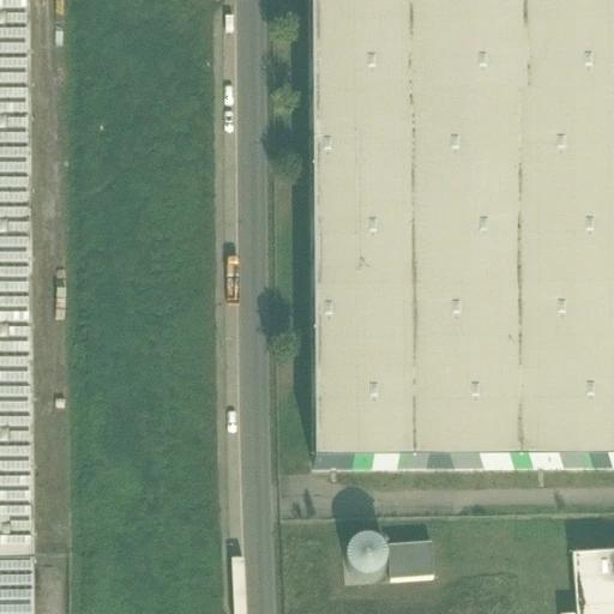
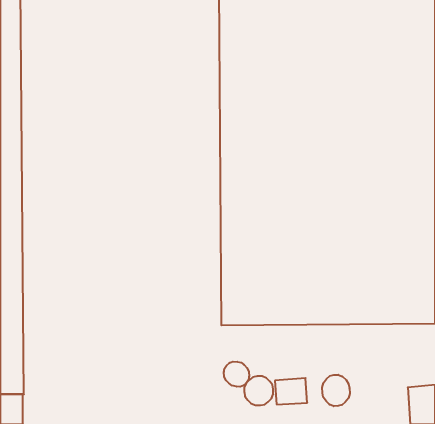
building: none -> [224,362,249,387]
building: none -> [322,375,350,406]

